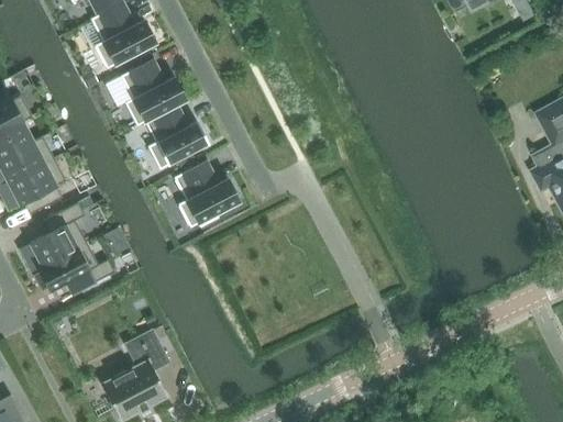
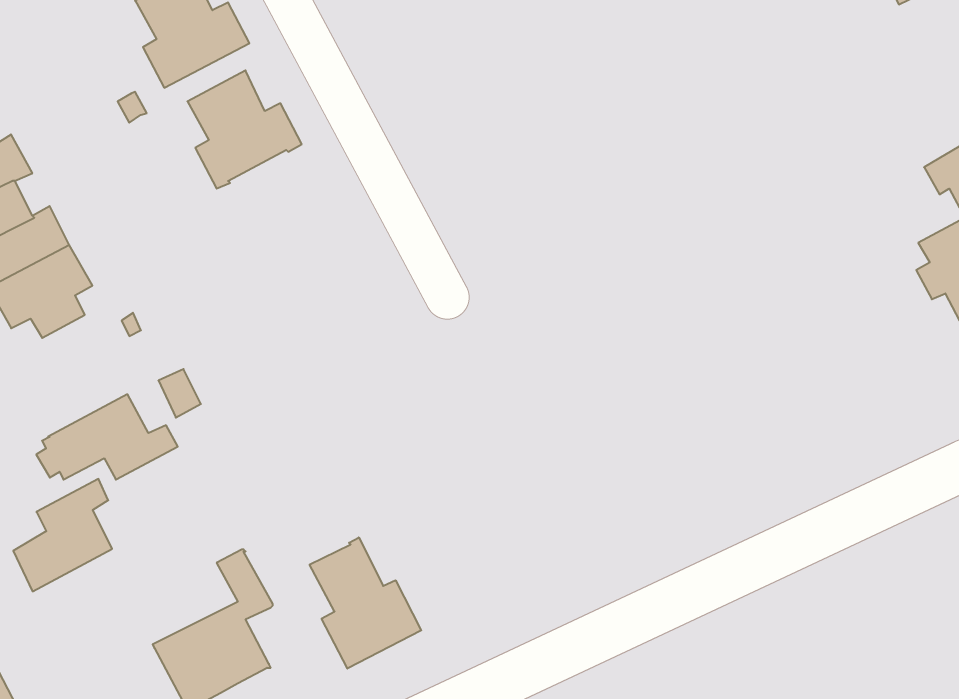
building: [143,103,208,169] -> none
building: [174,160,239,227] -> none
building: [30,202,86,266] -> [13,479,112,591]
building: none -> [310,537,421,669]

